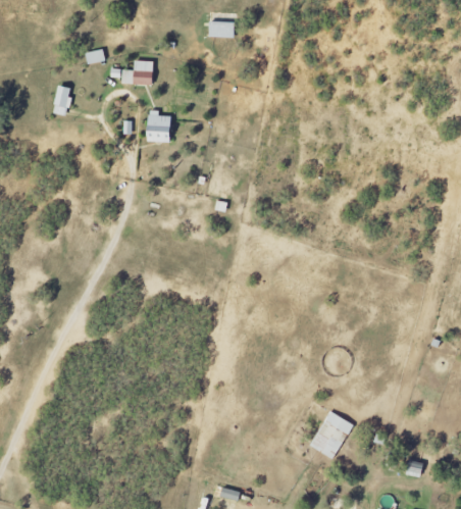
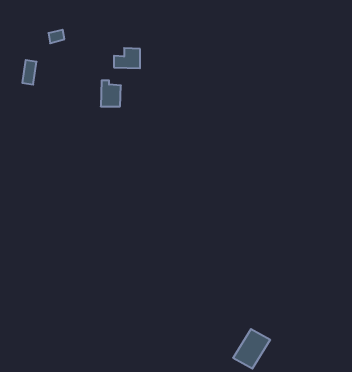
building: [208,21,234,38] -> none
building: [121,60,153,85] -> [114,48,140,68]

